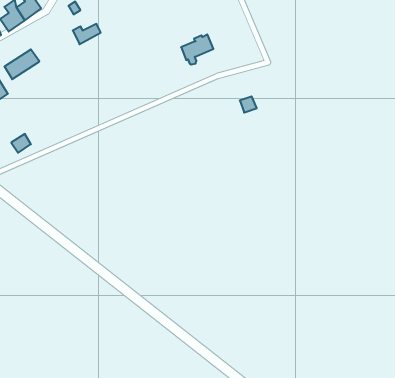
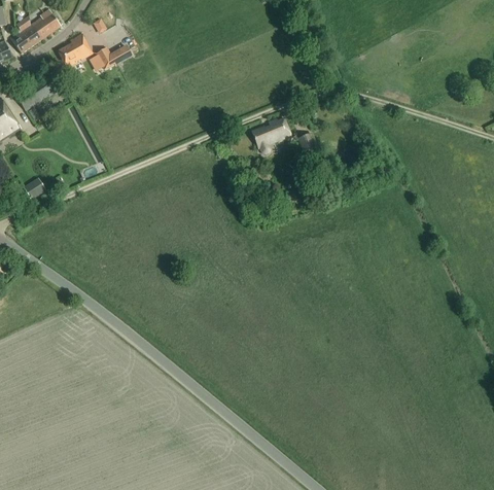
building: none -> [57,32,93,67]
building: [181,34,213,64] -> [251,116,290,152]

